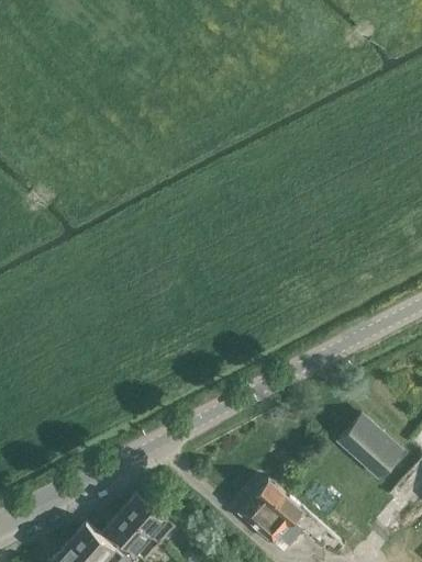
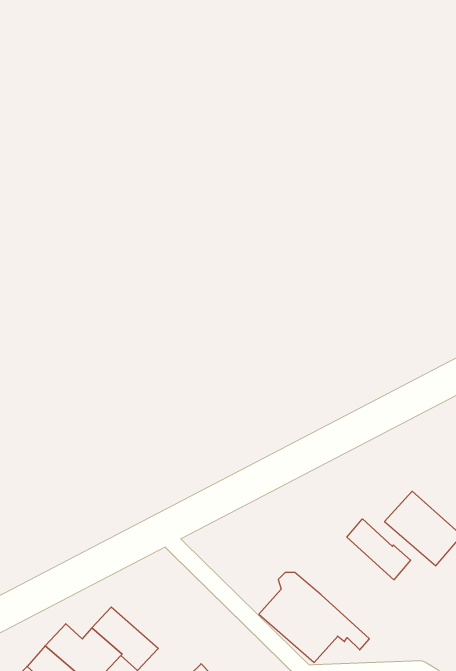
building: none -> [347,519,411,580]
building: [123,492,176,542] -> none

